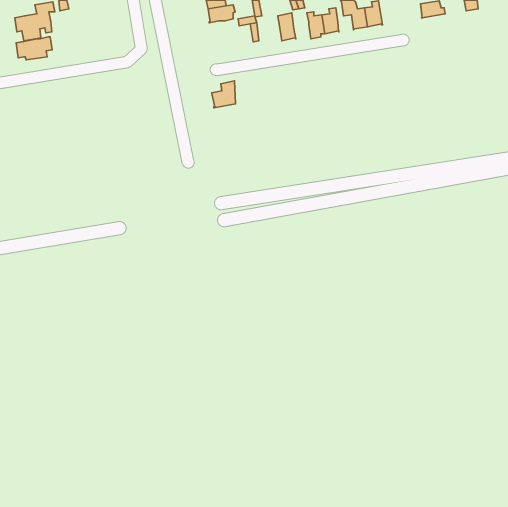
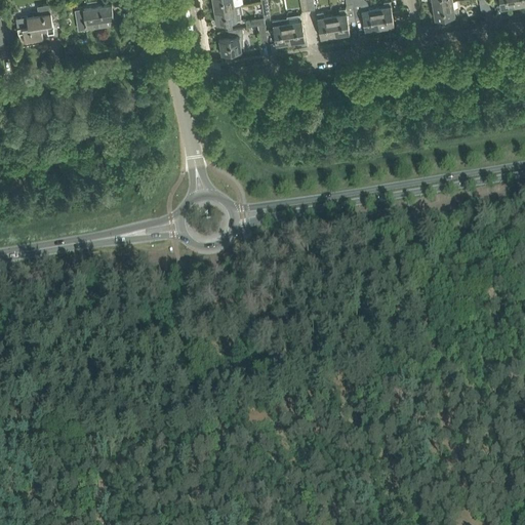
building: none -> [272,19,290,48]
building: [16,37,52,60] -> [76,6,113,30]
building: [212,81,236,108] -> [218,29,243,56]

